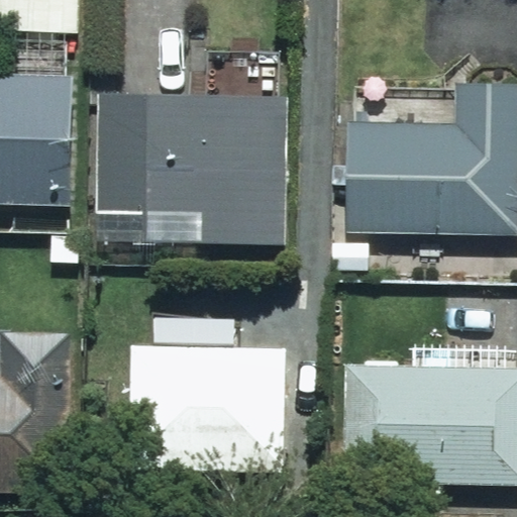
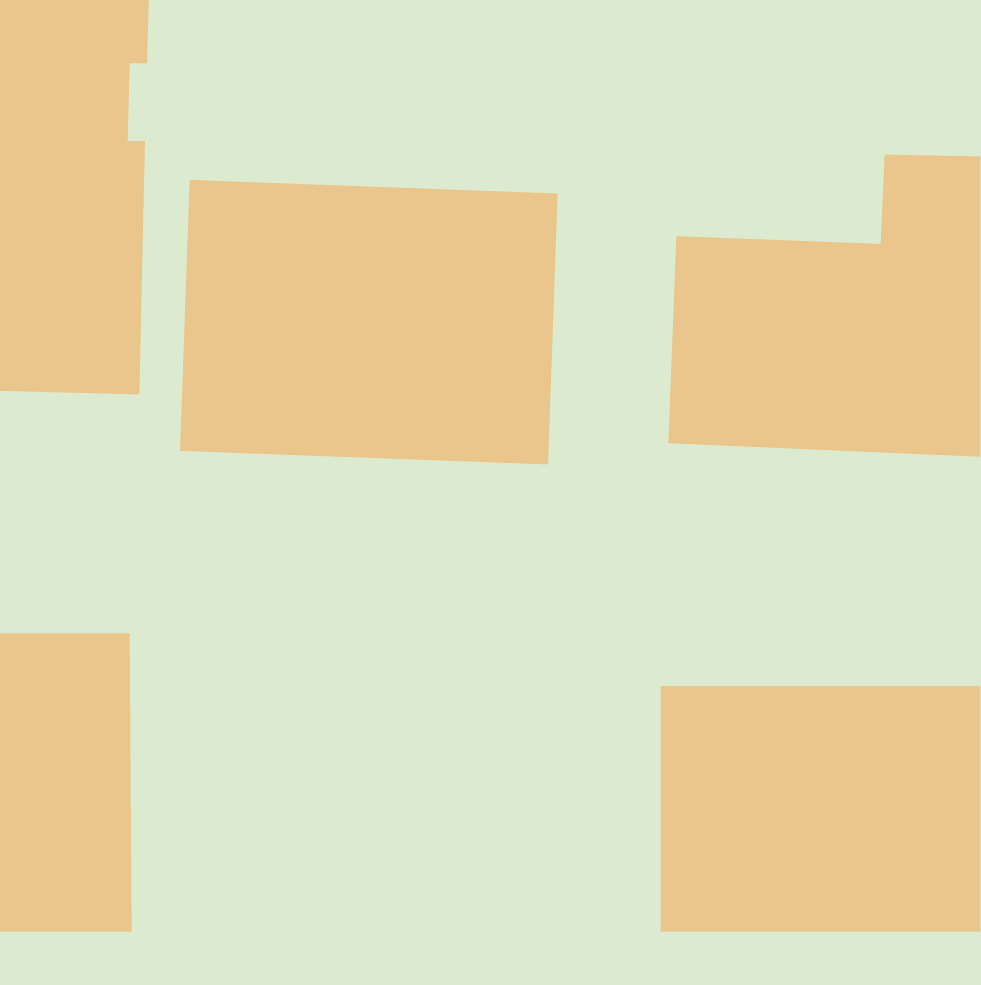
building: [134,342,281,467] -> none

